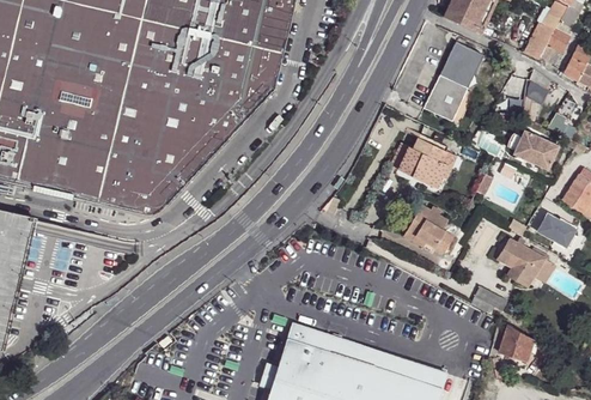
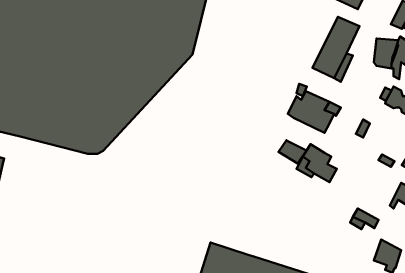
building: none -> [278,140,307,164]
building: [495,237,535,281] -> none

